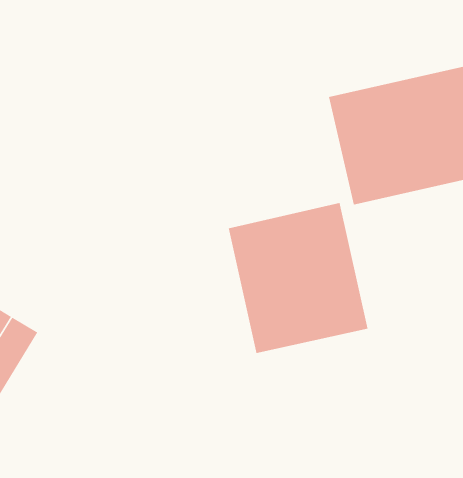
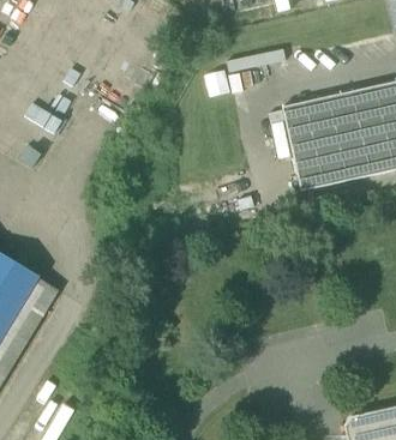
building: [228,202,368,354] -> none

